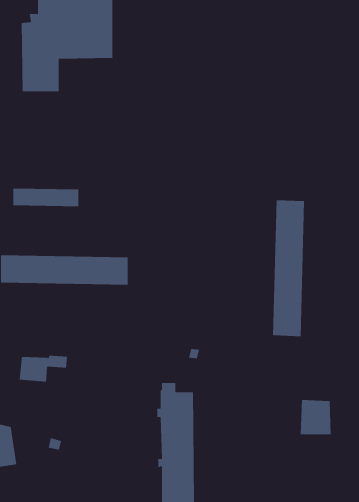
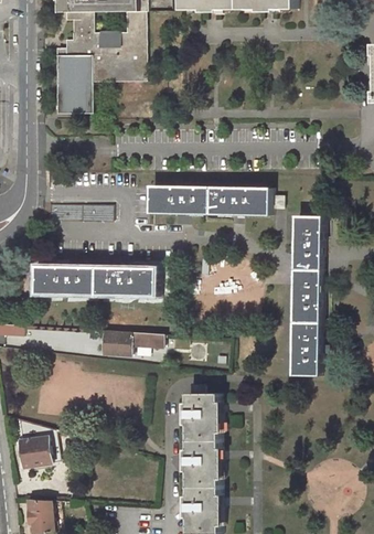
building: none -> [147,185,279,215]
building: [19,355,68,382] -> [100,333,147,359]
building: [300,400,332,435] -> [290,343,320,376]

